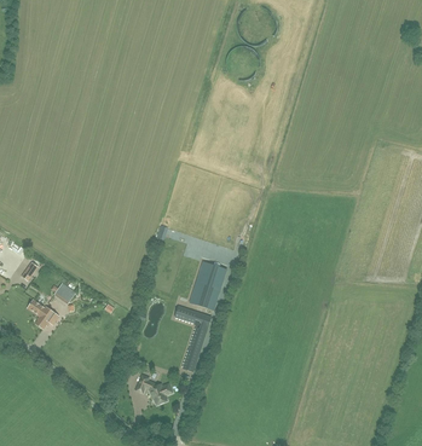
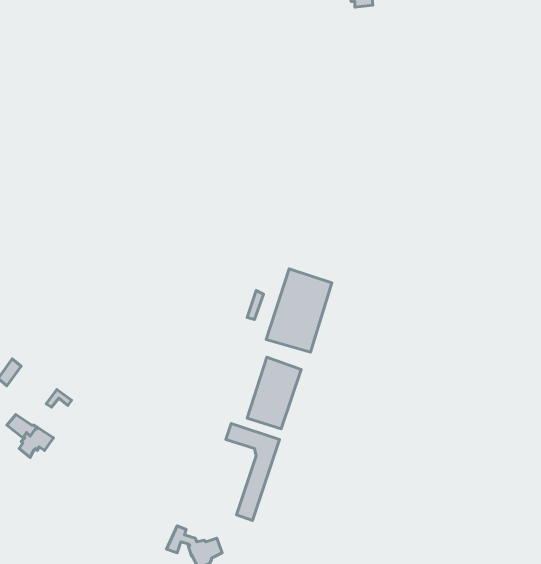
building: none -> [266,269,332,352]

